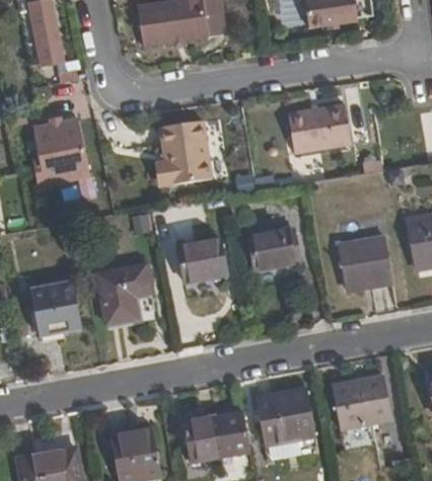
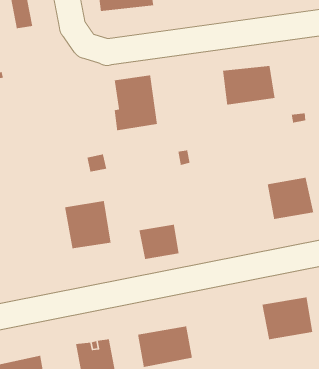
building: [33,112,90,181] -> none
building: [251,231,296,269] -> none
building: [181,240,229,283] -> [138,224,180,260]
building: [33,283,84,333] -> none
building: [257,393,314,446] -> none

